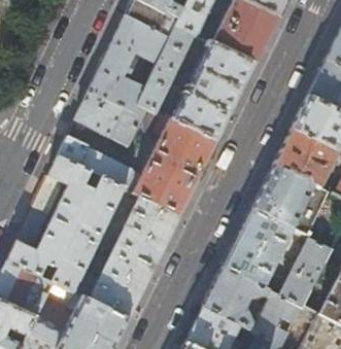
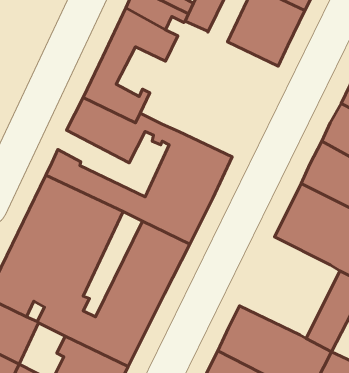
building: [138,26,195,113] -> none
building: [171,41,255,141] -> none
building: [223,209,300,292] -> none

